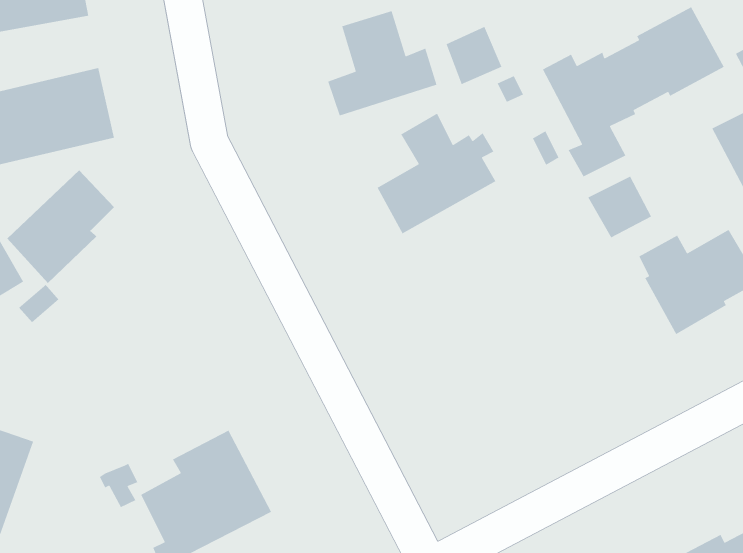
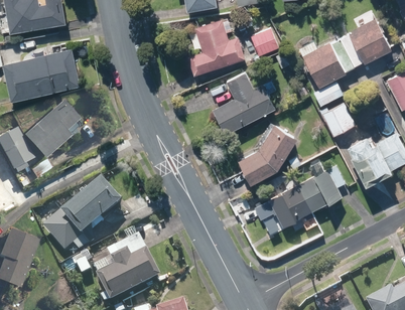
building: none -> [239,123,297,183]
building: none -> [255,162,344,227]
building: none -> [42,178,122,253]

